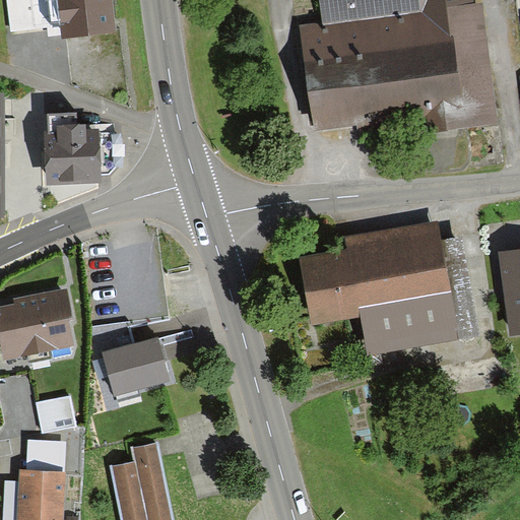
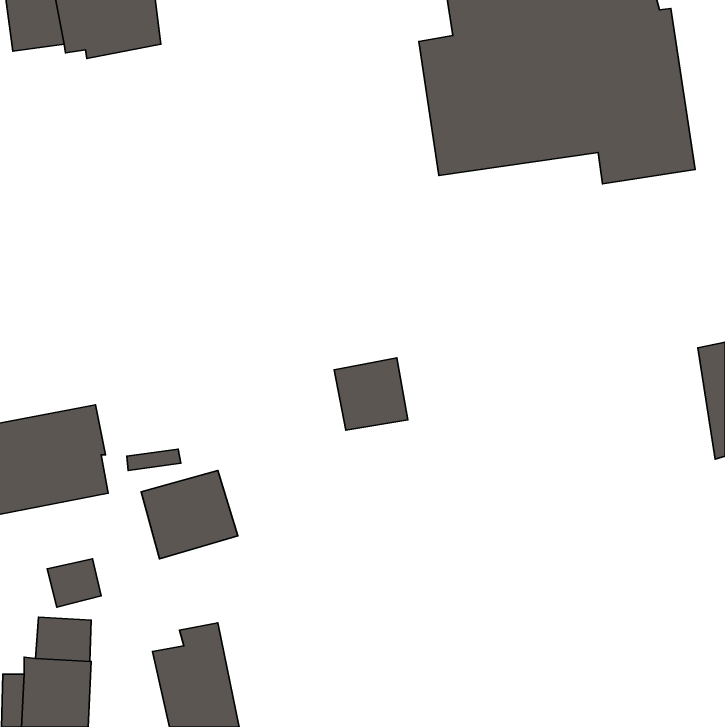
building: [42,112,101,186] -> none
building: [300,220,476,354] -> none
building: none -> [334,358,408,430]

